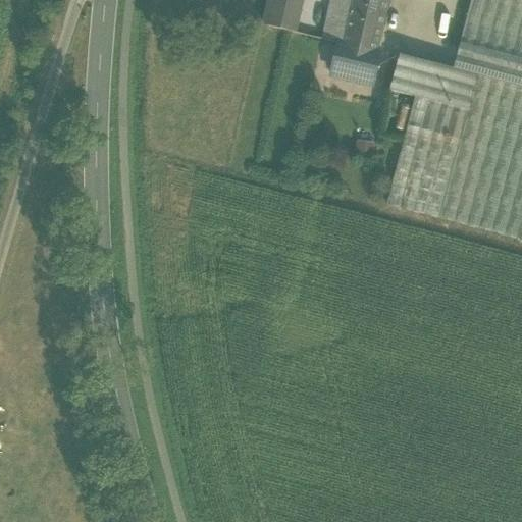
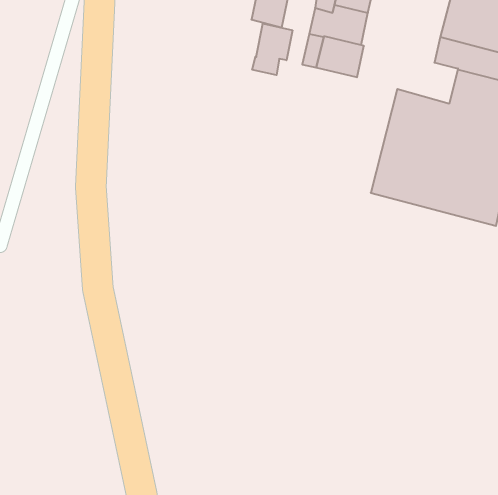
building: none -> [252,24,292,75]
building: [390,51,479,108] -> none

